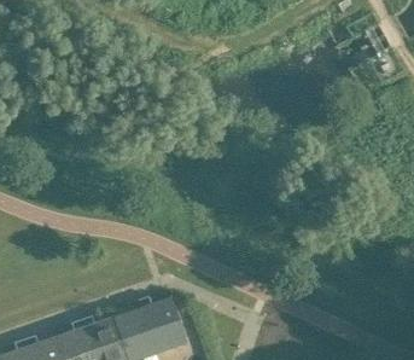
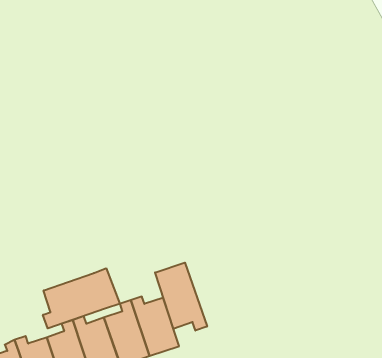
building: none -> [155,263,207,331]
building: none -> [43,268,120,328]

